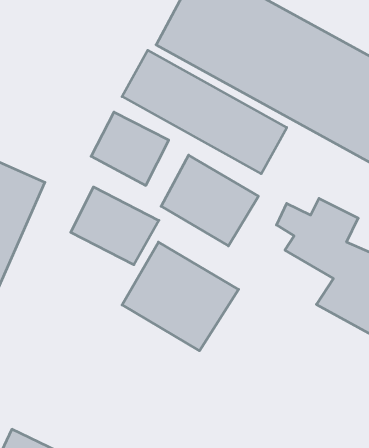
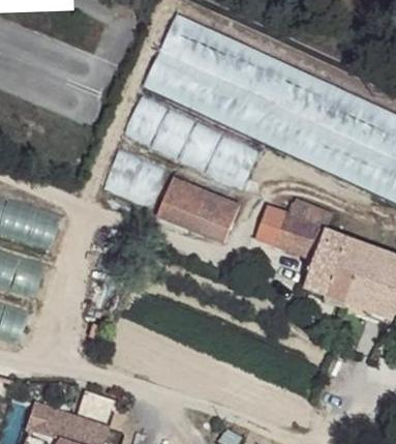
building: [71,187,159,265] -> none
building: [122,242,239,351] -> none

